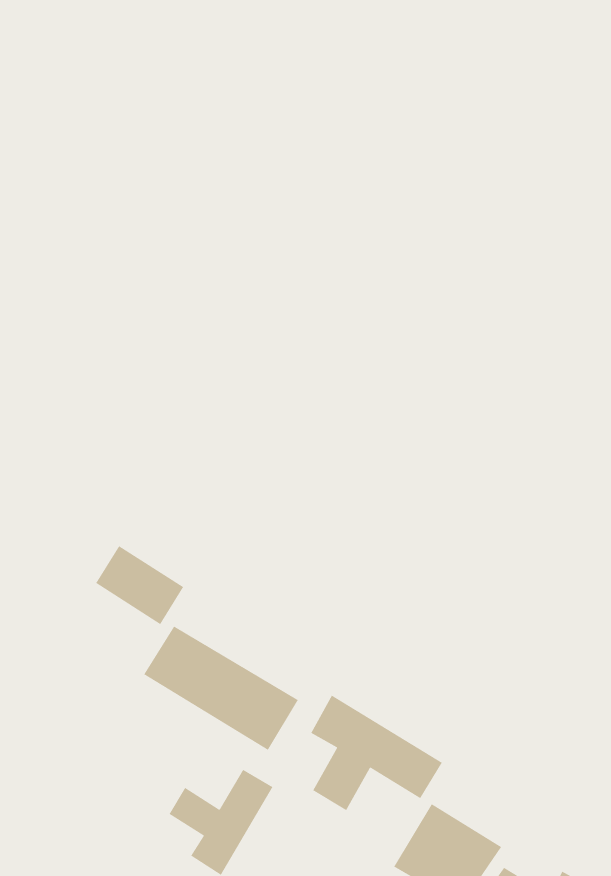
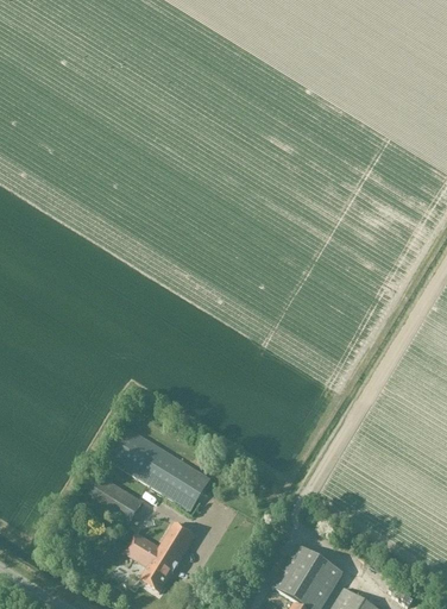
building: [95,545,184,625] -> [86,476,144,528]
building: [310,695,443,811] -> none

